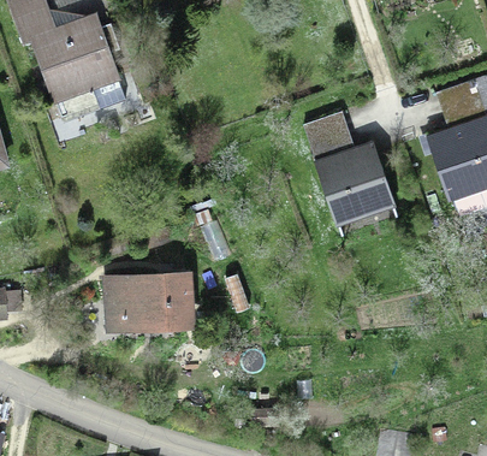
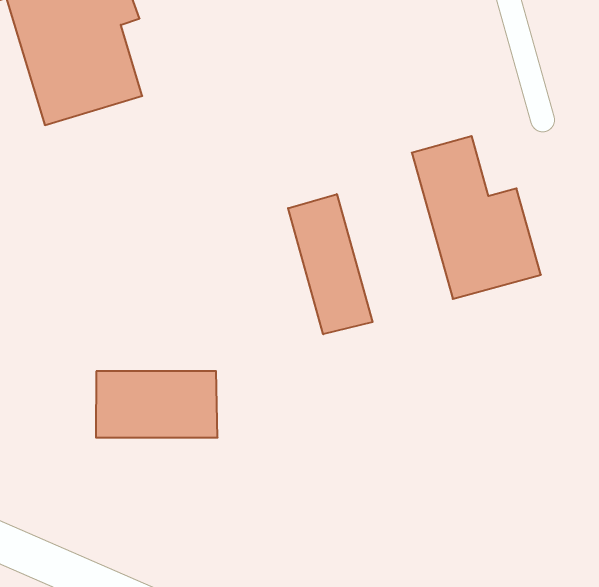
building: none -> [288,194,373,334]

